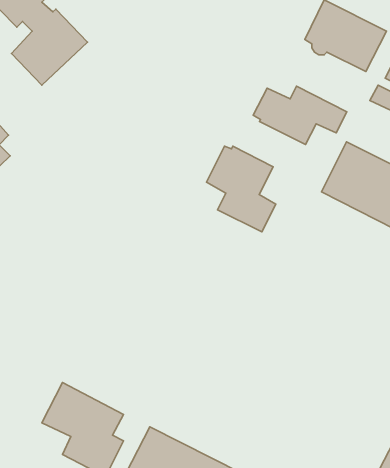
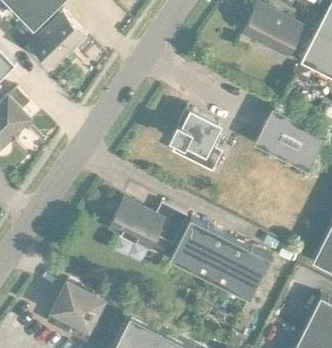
building: [253,86,347,145] -> none
building: none -> [108,202,186,249]
building: none -> [169,220,270,301]

